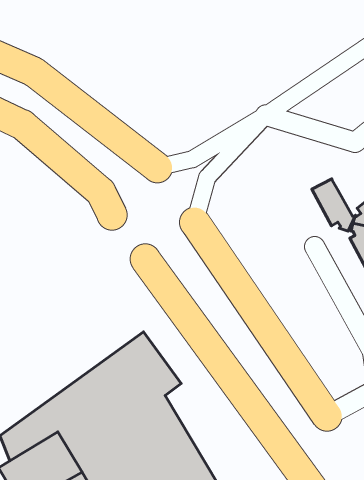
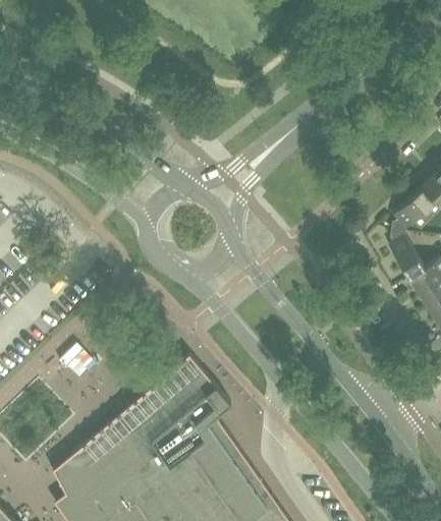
building: [312,179,355,231] -> none

